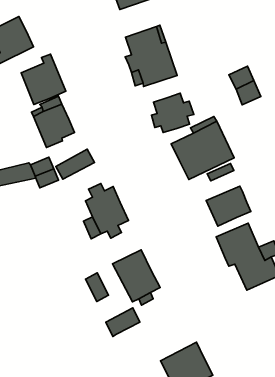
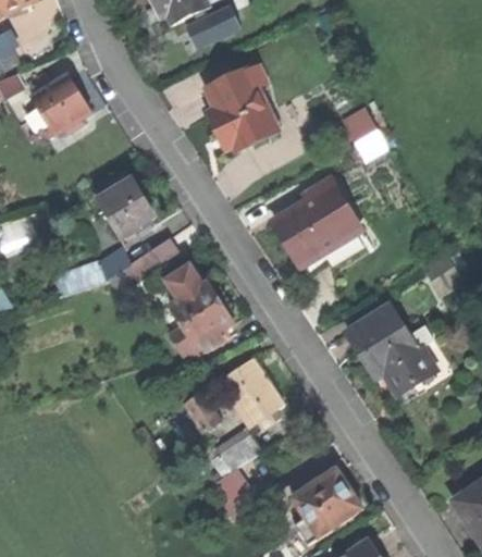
building: [21,54,66,105] -> none
building: [151,93,194,132] -> none
building: [206,186,251,226] -> none
building: none -> [217,468,258,516]

